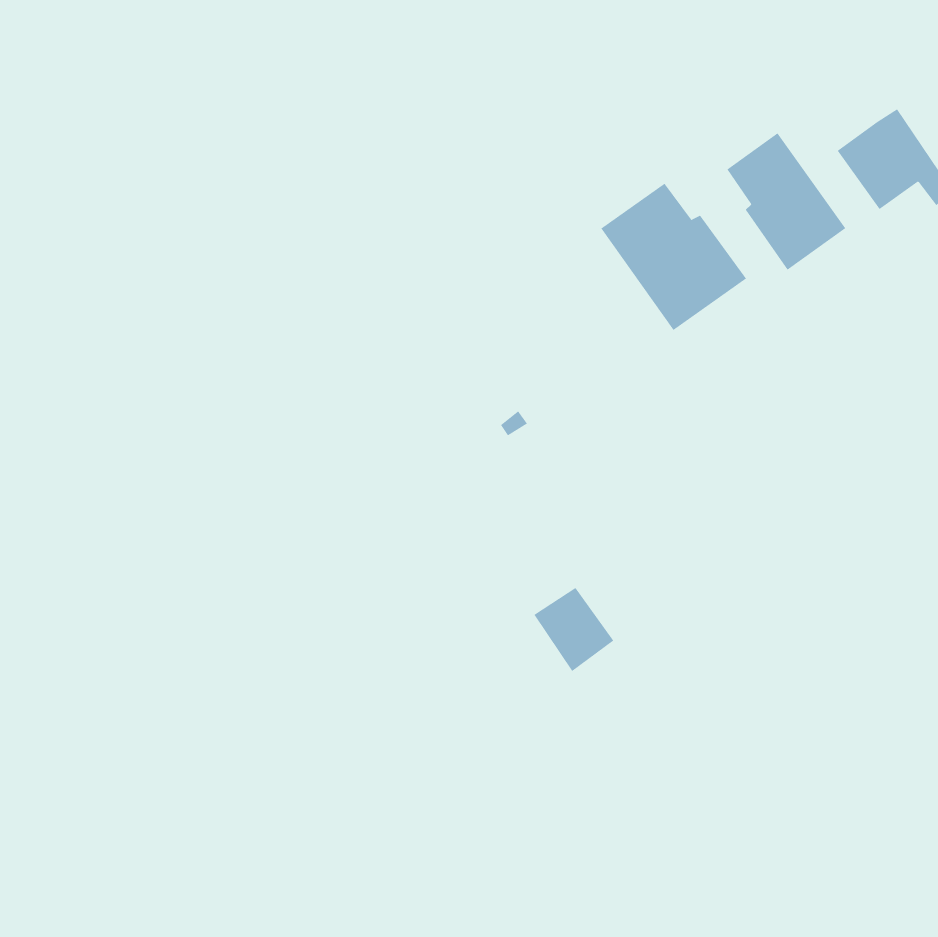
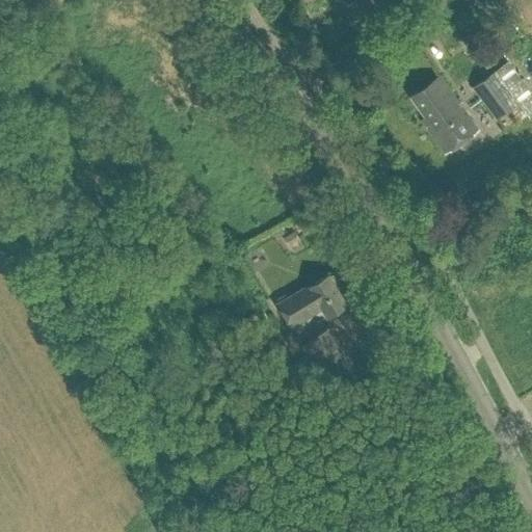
building: [601,183,747,331] -> none
building: none -> [278,275,347,324]

